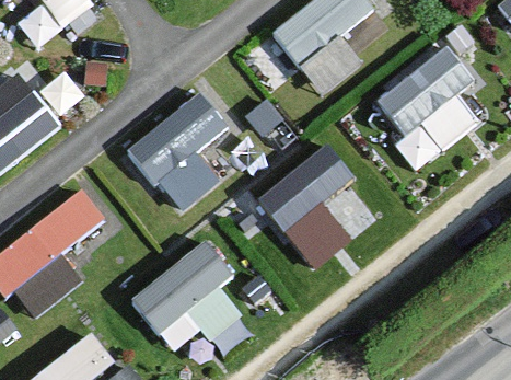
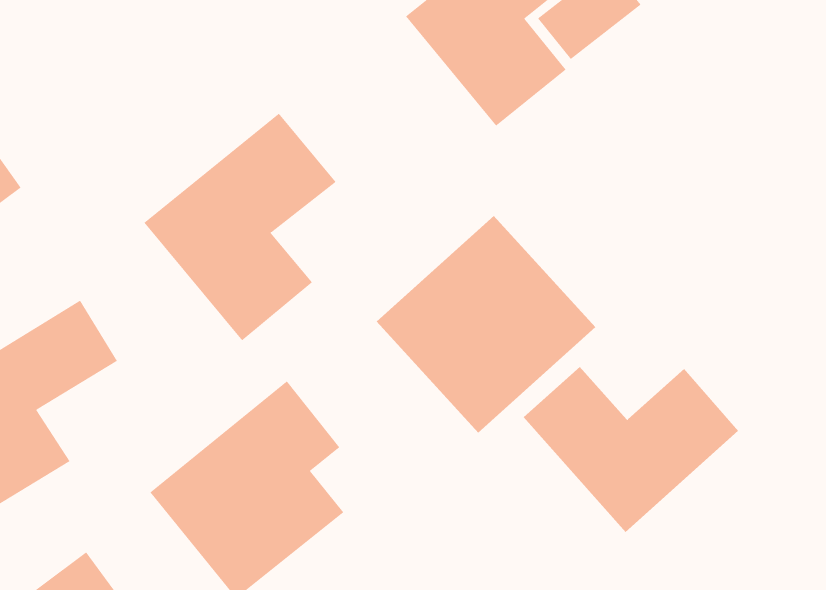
building: [371,43,499,170] -> none
building: none -> [523,366,739,533]

